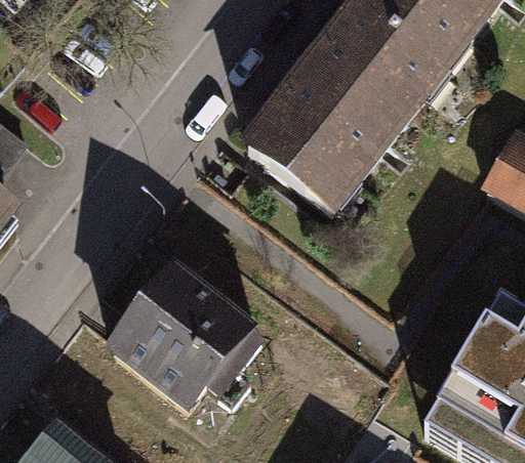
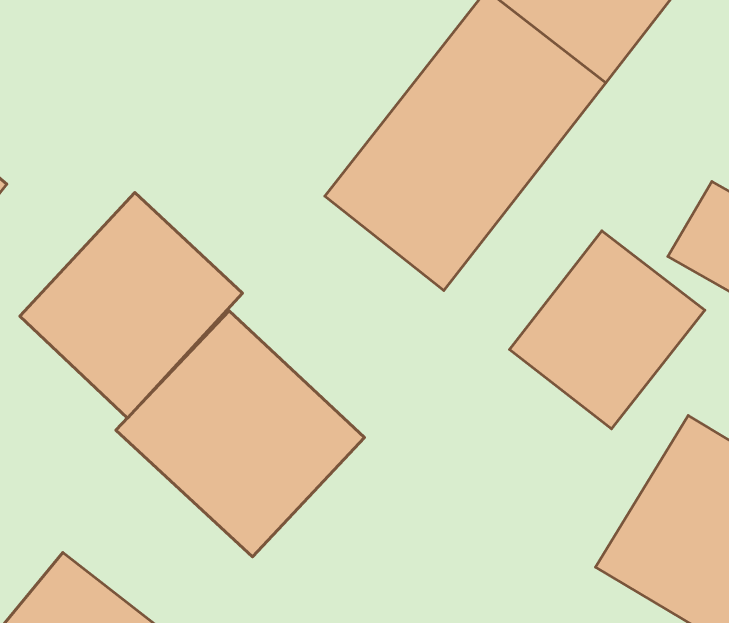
building: none -> [20,193,242,418]
building: none -> [509,231,705,429]

